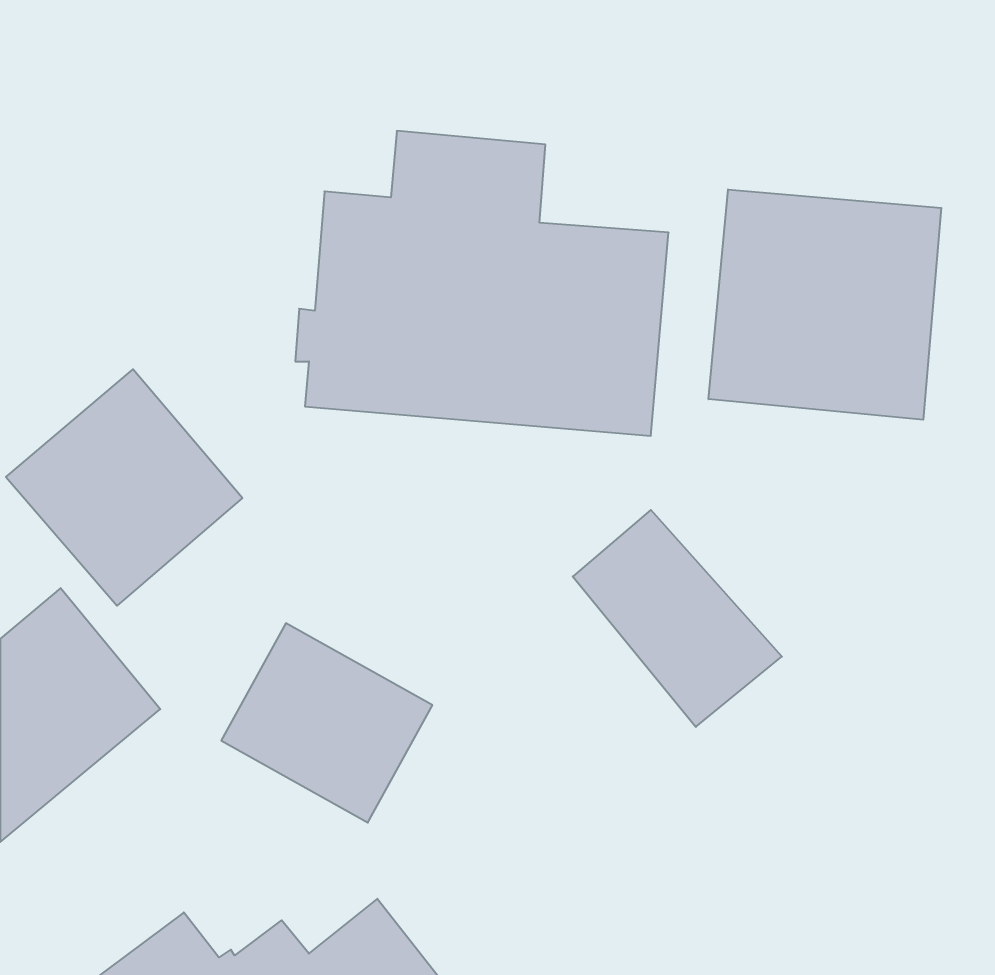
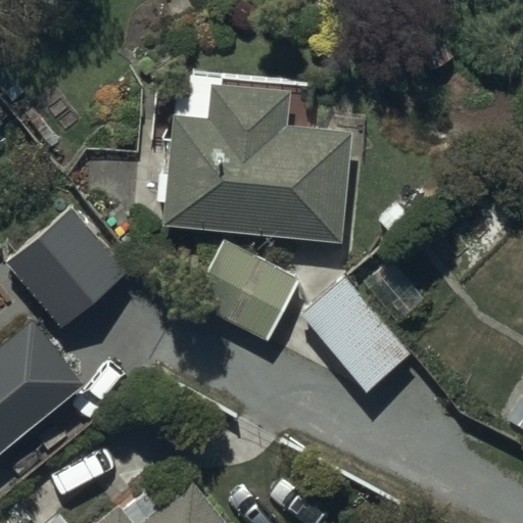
building: [709,189,941,420] -> none
building: [221,623,432,823] -> [189,240,299,344]

